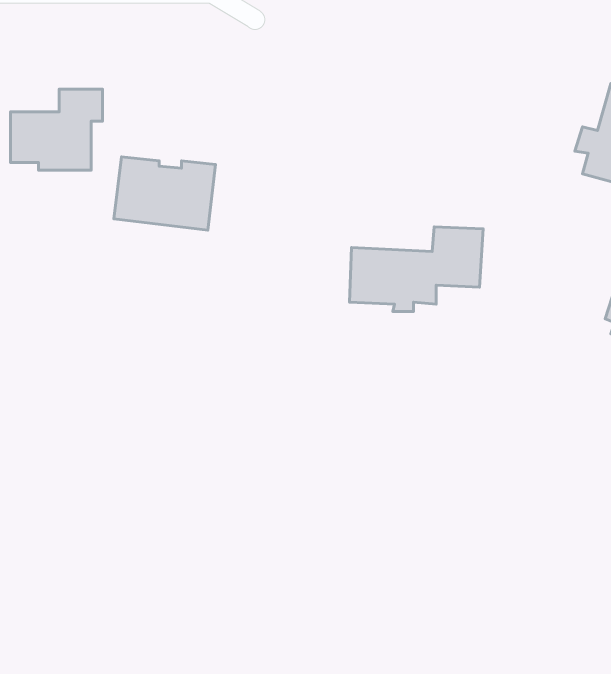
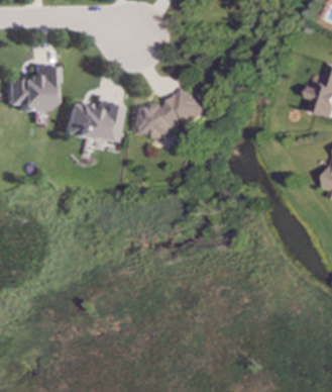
building: [349,227,483,312] -> [130,93,202,138]

